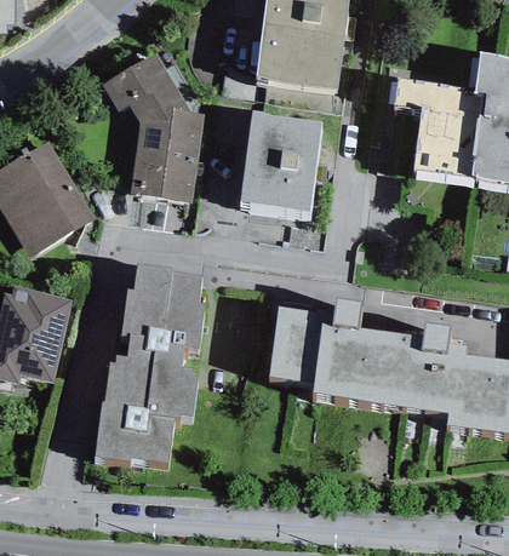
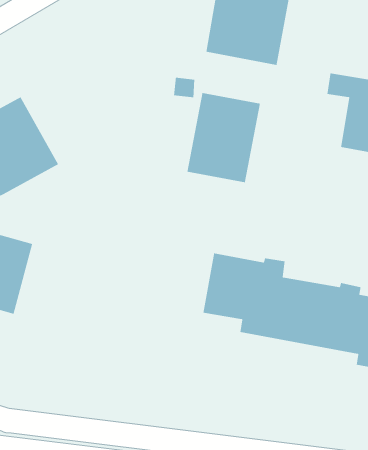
building: [104,53,205,200] -> none
building: [95,274,205,469] -> none

